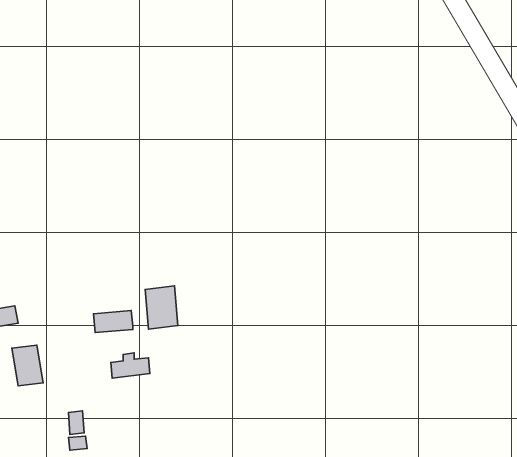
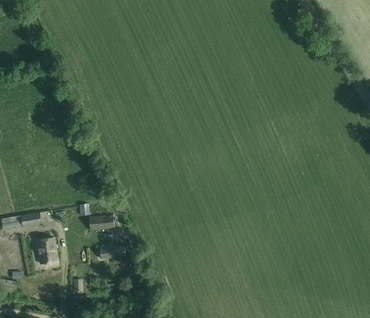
building: [145,286,178,329] -> none

